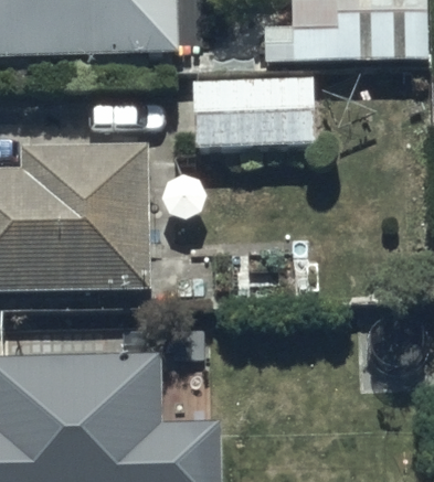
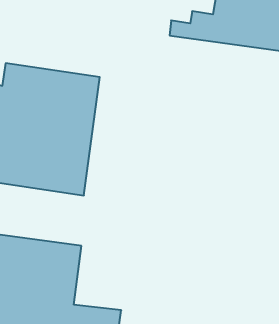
building: [186,85,310,152] -> none

